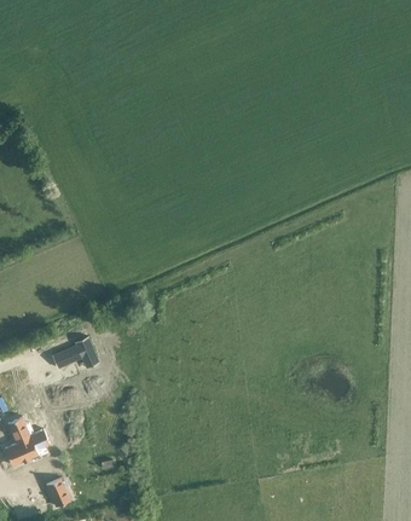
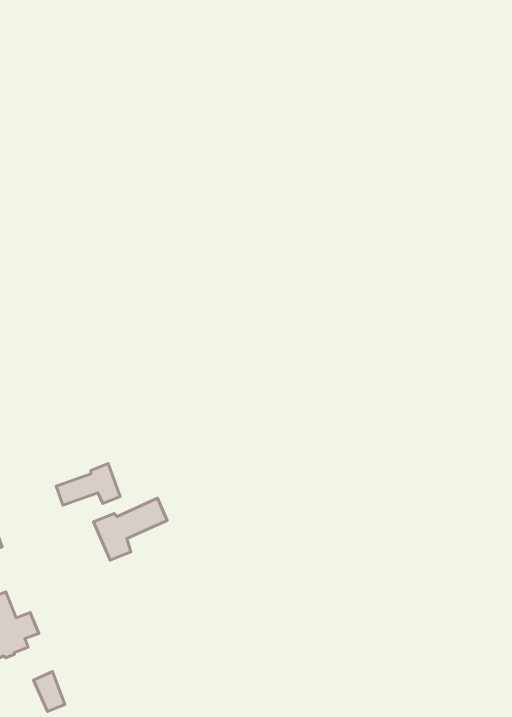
building: none -> [93,498,167,560]

